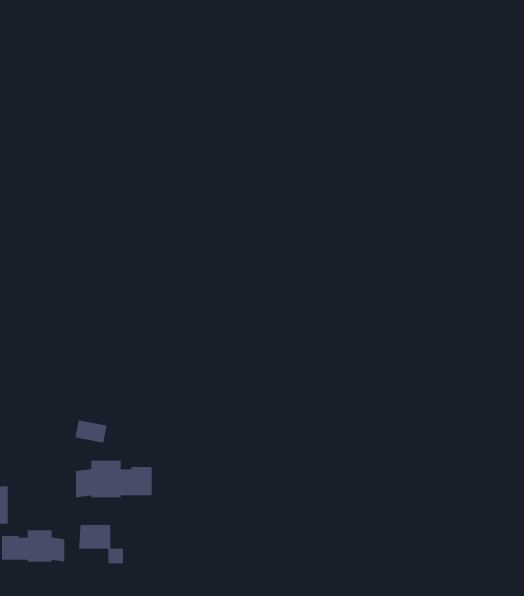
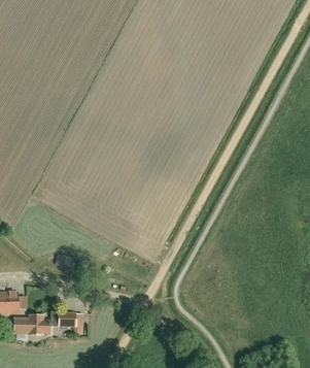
building: [75,460,153,498] -> none

